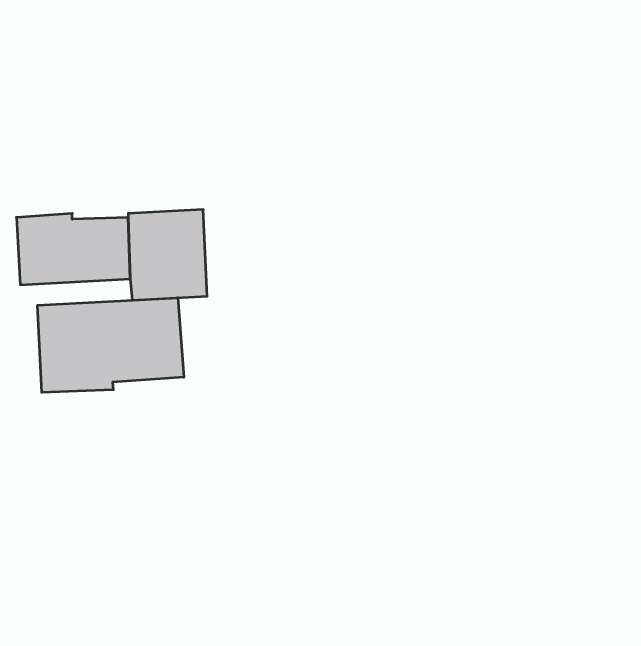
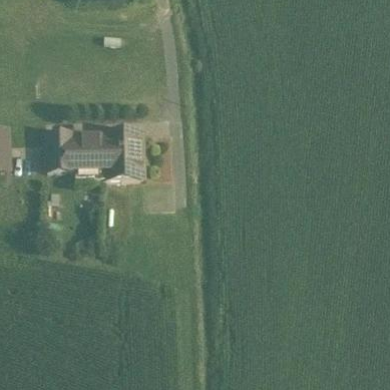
building: [38,298,184,392] -> none

